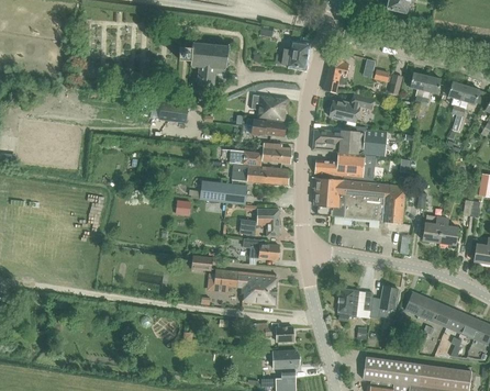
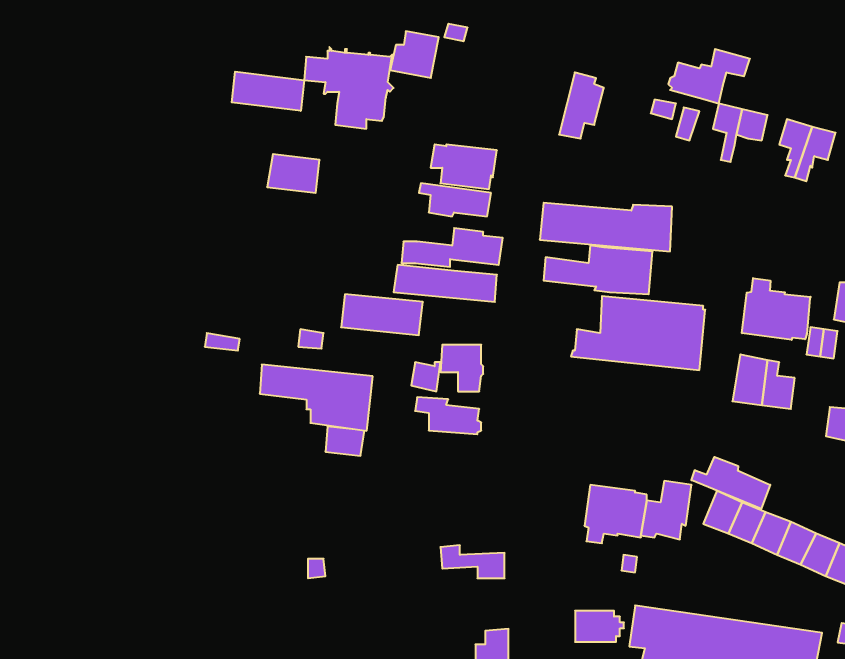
building: [281,42,309,68] -> [390,31,439,78]
building: none -> [232,72,304,111]
building: [327,92,374,123] -> [668,49,750,103]
building: none -> [742,278,811,340]
building: [313,178,347,215] -> none
building: [213,268,277,305] -> [260,365,373,431]
building: none -> [691,457,770,509]
building: [272,350,300,368] -> [575,611,624,642]

